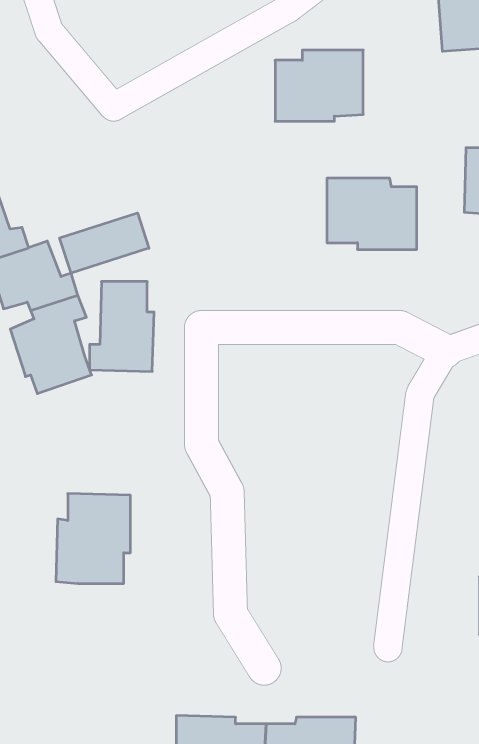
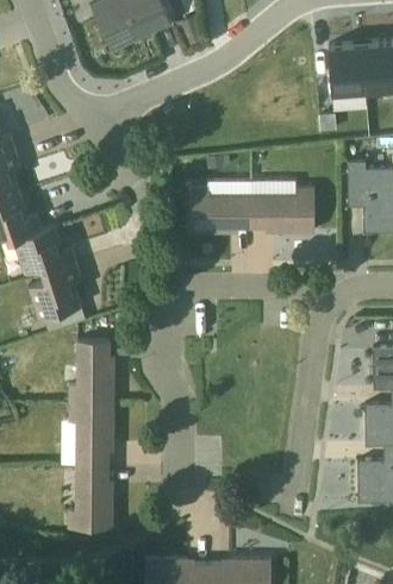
building: [275,50,363,121] -> [189,182,251,232]
building: [60,213,149,273] -> none
building: [90,282,154,371] -> [69,341,114,404]
building: none -> [68,466,113,529]

